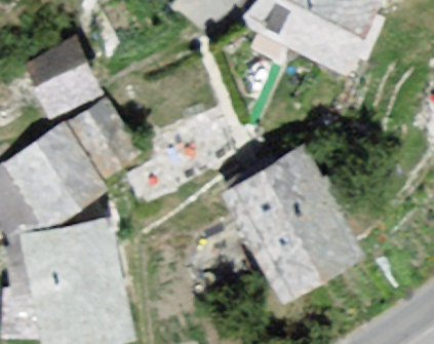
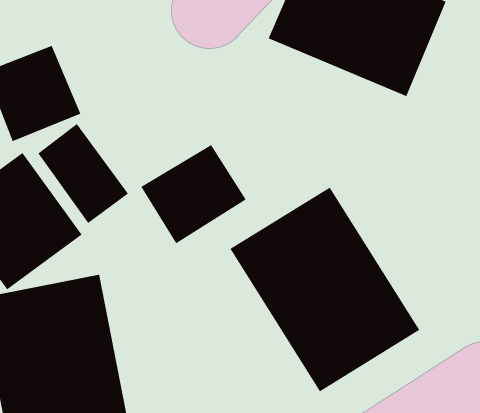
building: none -> [140,144,247,244]

